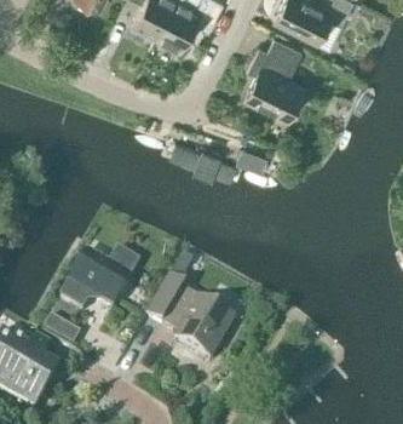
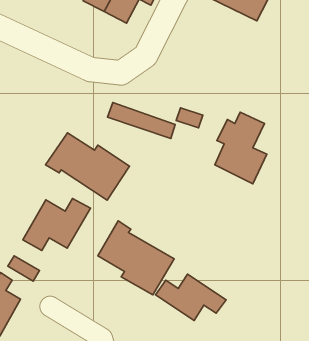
building: [242,36,301,119] -> [215,112,267,184]
building: none -> [45,133,130,200]
building: none -> [156,274,226,321]

